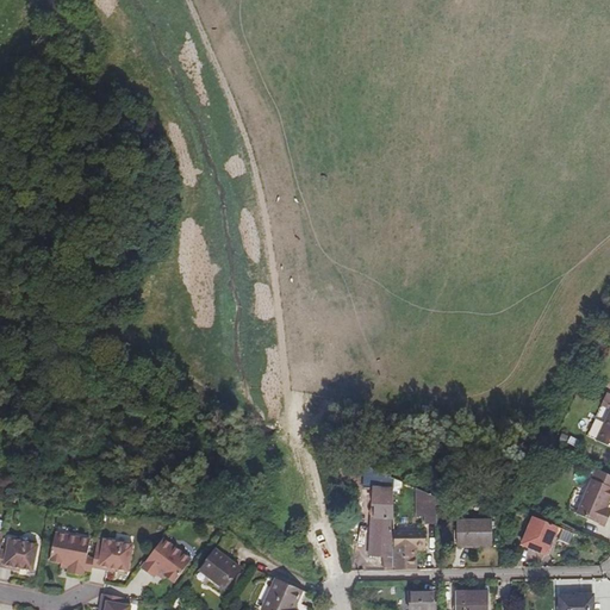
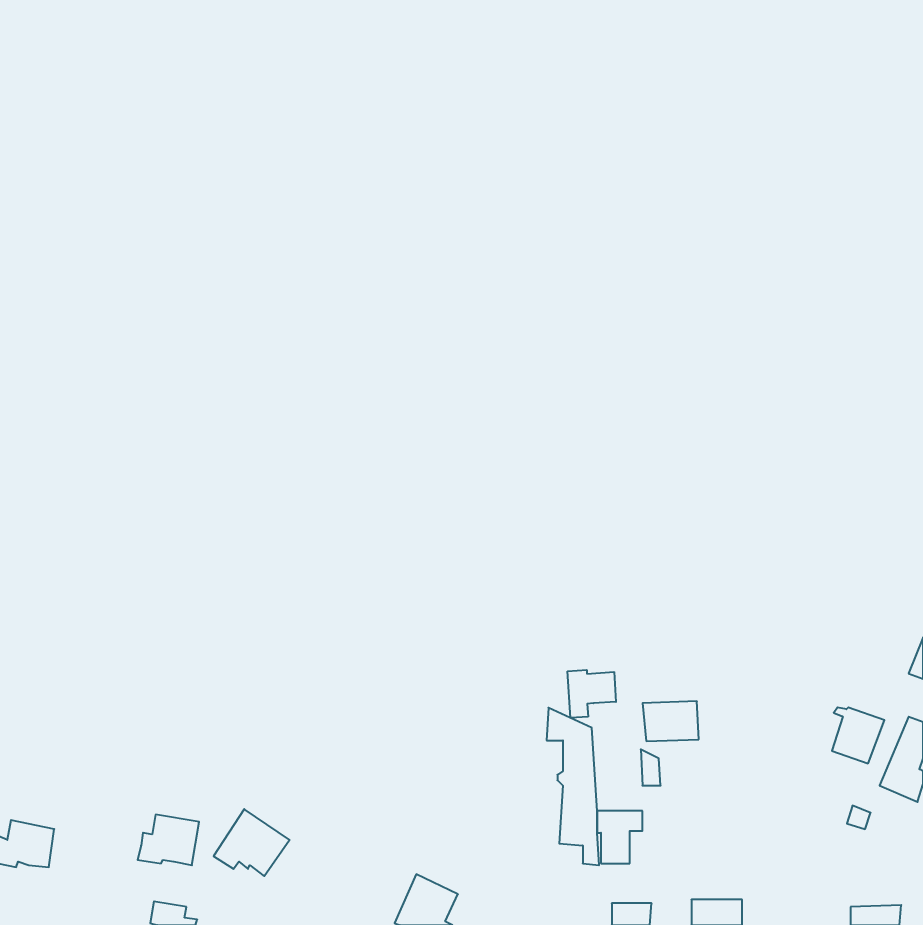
building: none -> [568,670,616,718]
building: [521,519,555,556] -> [832,707,884,763]
building: [454,523,491,549] -> [643,701,699,741]
building: [49,533,93,575] -> none
building: [198,548,238,587] -> none

